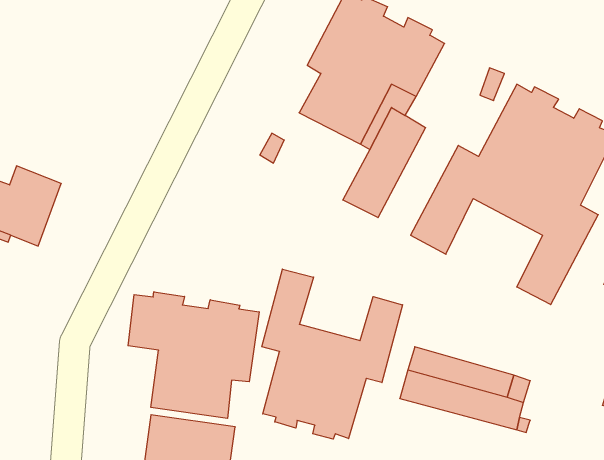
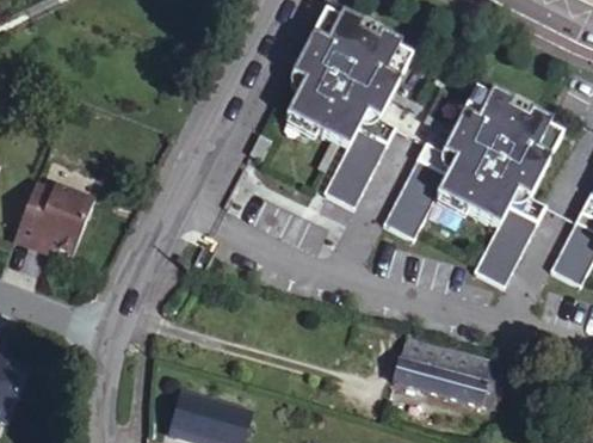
building: [262,269,403,439] -> none
building: [128,292,259,418] -> none

